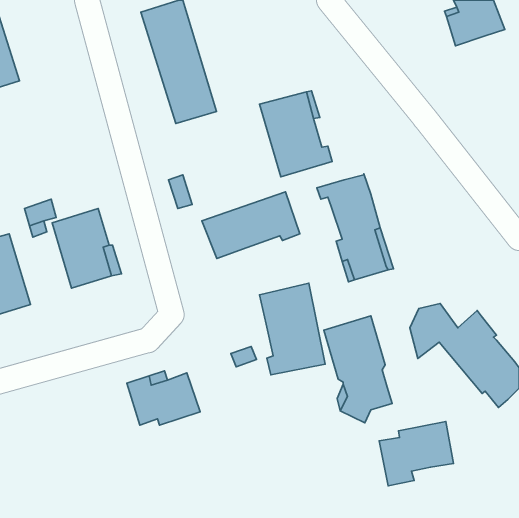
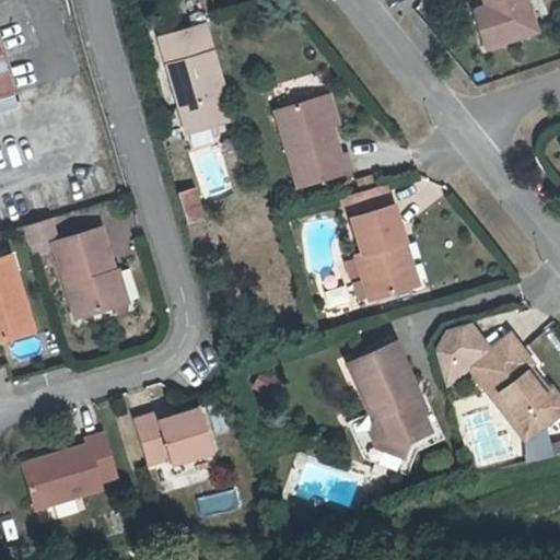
building: [202,192,300,259] -> none
building: [260,283,325,375] -> none
building: none -> [21,430,117,504]
building: [379,421,453,486] -> none

